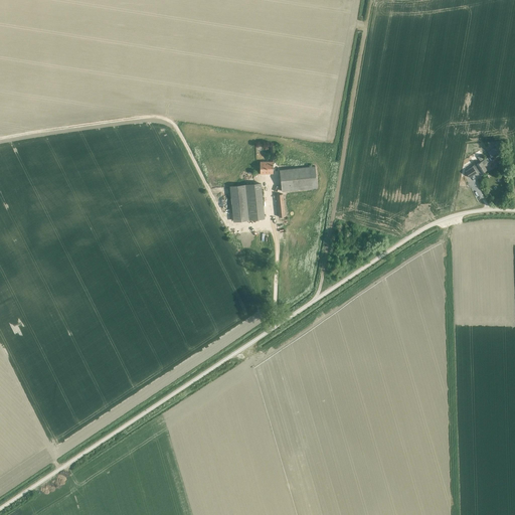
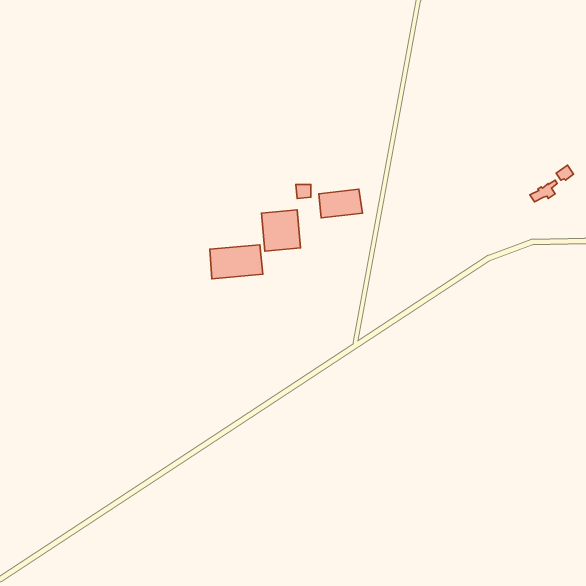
building: none -> [210,245,263,279]

